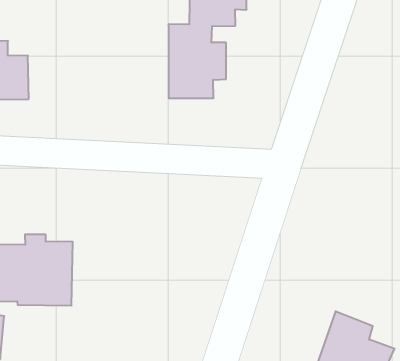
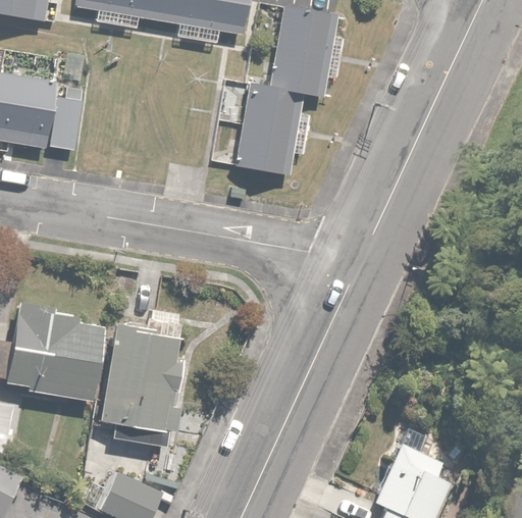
building: none -> [98,307,182,444]

